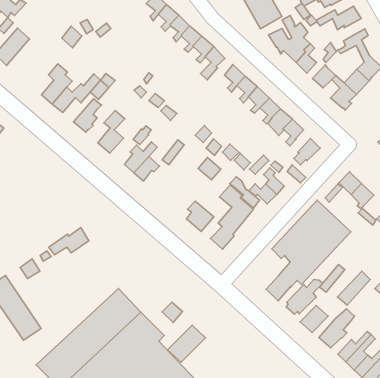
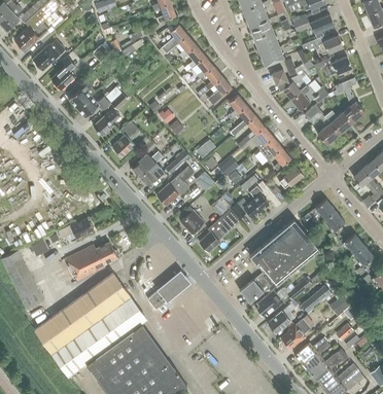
building: none -> [50,58,76,89]
building: none -> [155,166,193,205]
building: none -> [66,241,117,280]
building: [168,325,206,362] -> [156,267,190,298]

